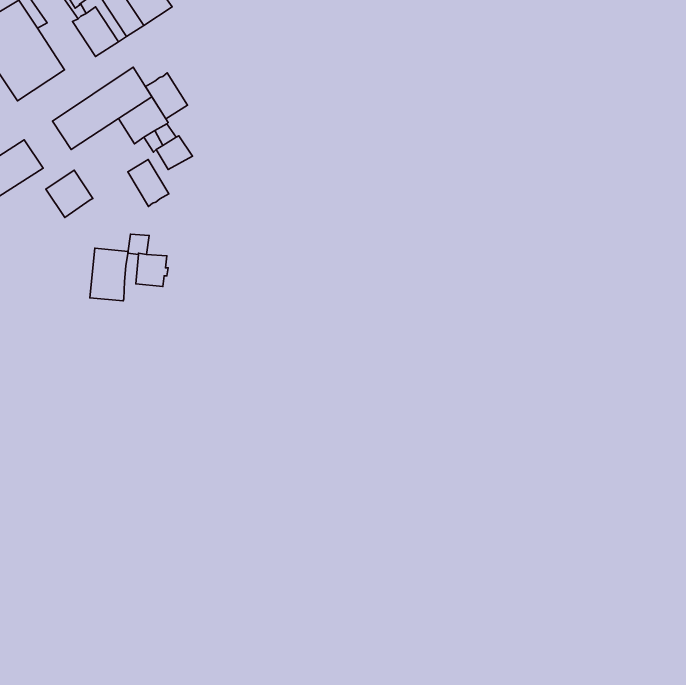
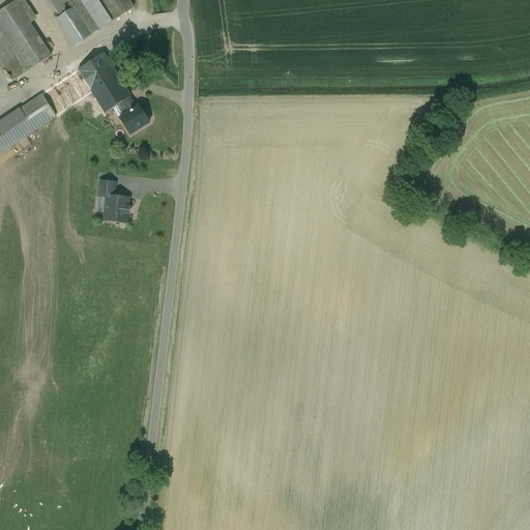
building: [146,73,188,119] -> none
building: [128,160,169,206] -> none
building: [46,170,93,217] -> [19,93,55,129]
building: [90,248,128,301] -> none

